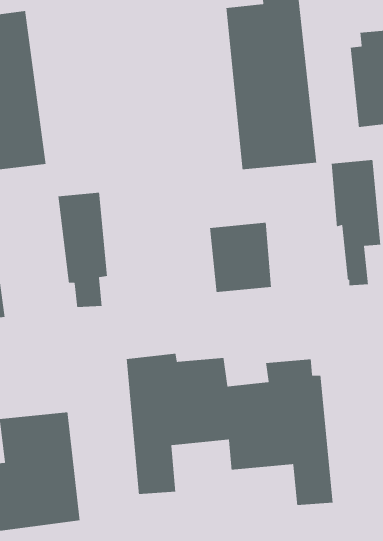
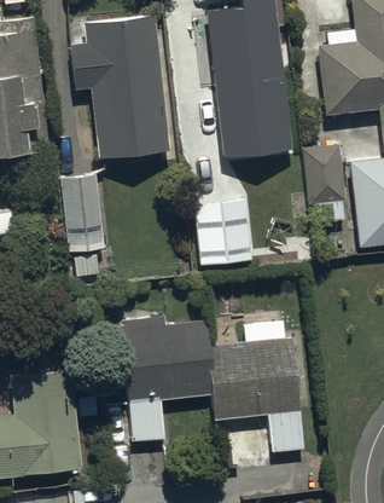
building: none -> [69,16,169,158]

